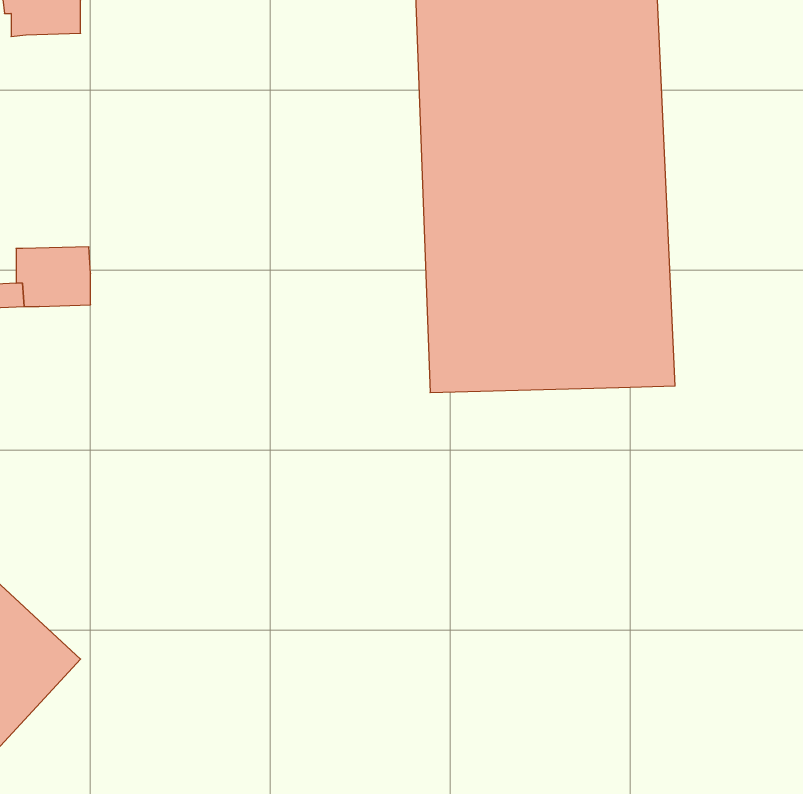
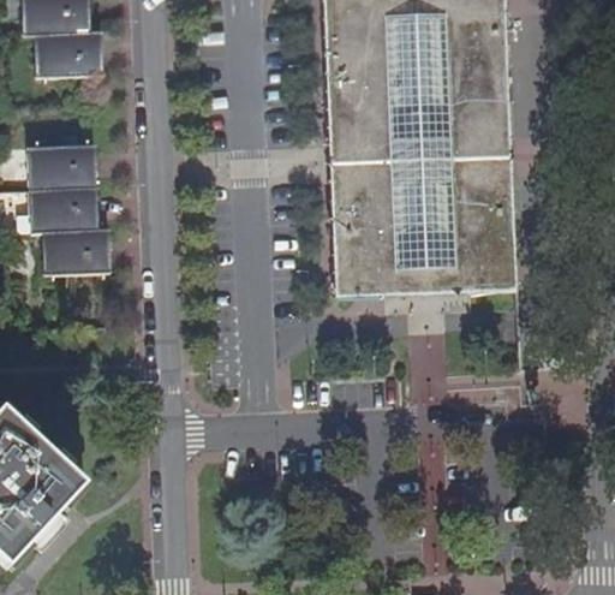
building: none -> [40,30,95,75]
building: none -> [34,143,88,186]
building: none -> [48,227,103,273]

